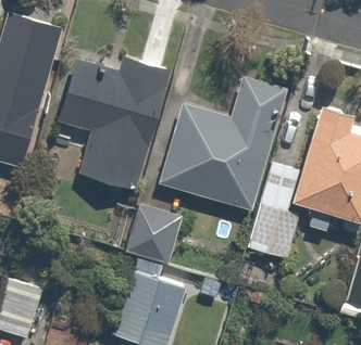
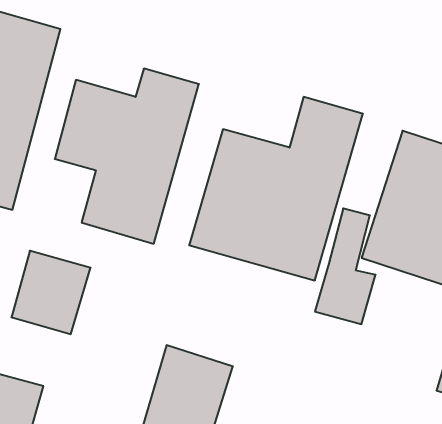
building: [124,202,185,266] -> [11,251,91,334]

